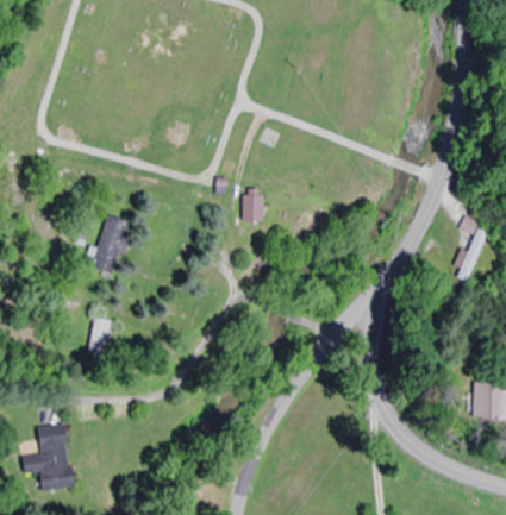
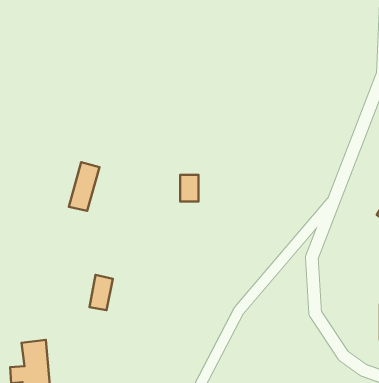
building: [242,189,263,220] -> [180,175,199,201]
building: [87,315,114,357] -> [89,275,113,310]

